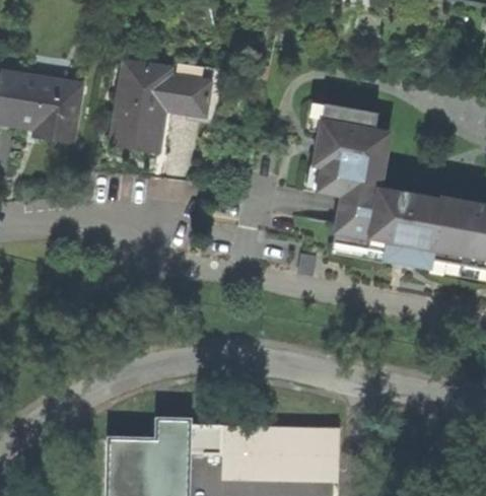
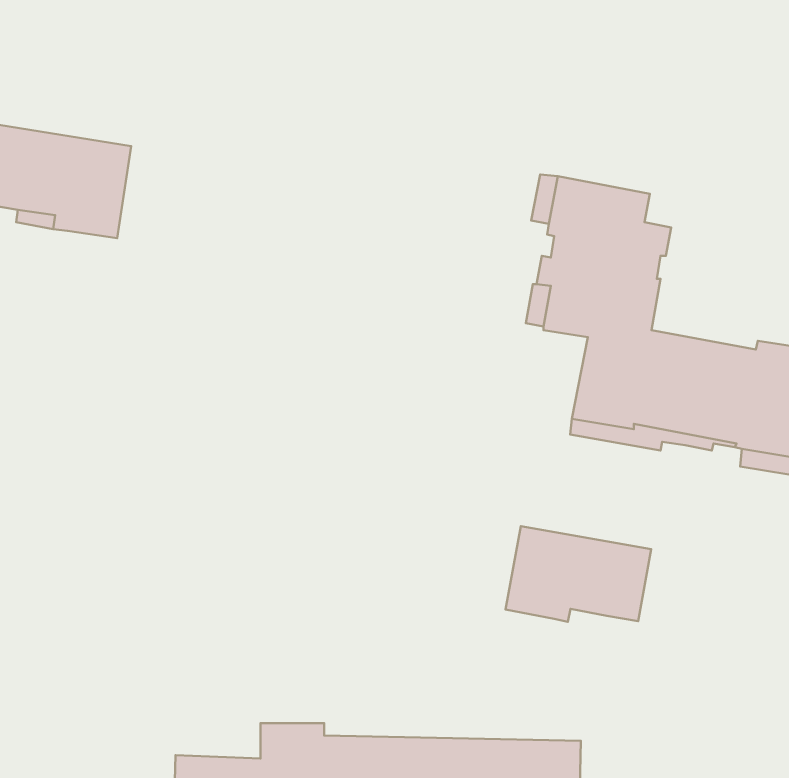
building: [114,64,210,152] -> none
building: none -> [506,526,651,622]

